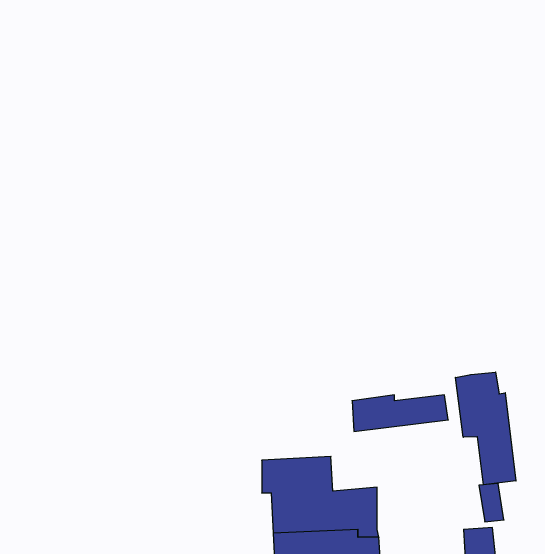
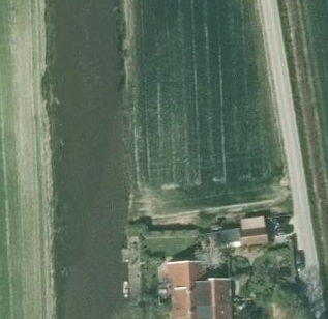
building: [455,372,516,485] -> none

